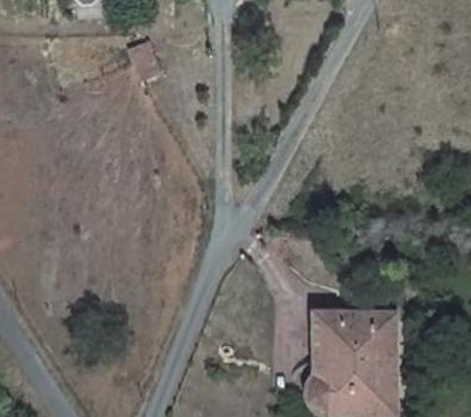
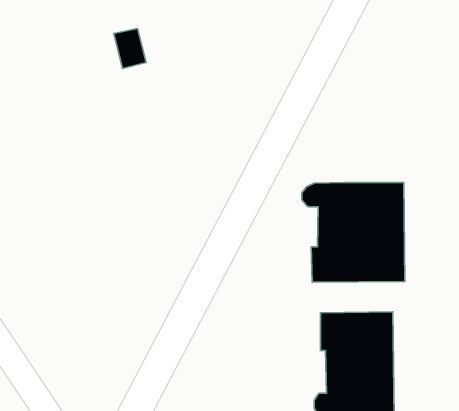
building: none -> [302,182,405,282]

